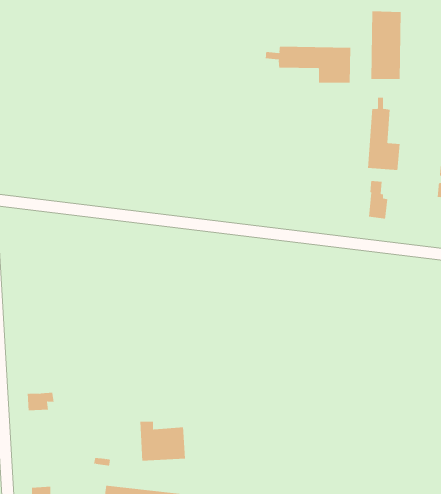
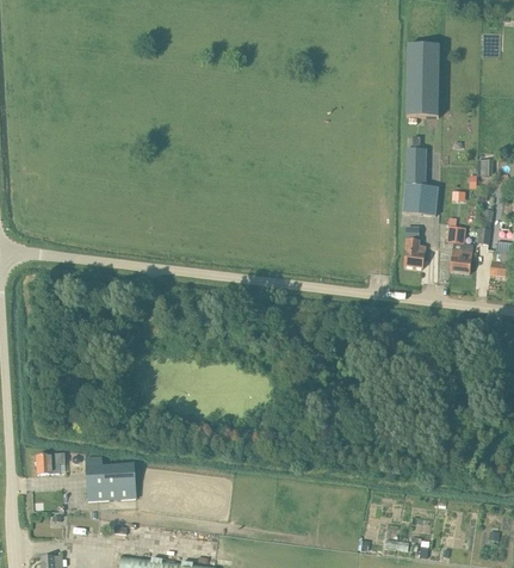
building: [265,46,351,83] -> none
building: none -> [445,217,472,273]
building: [139,421,186,461] -> [86,457,136,500]

